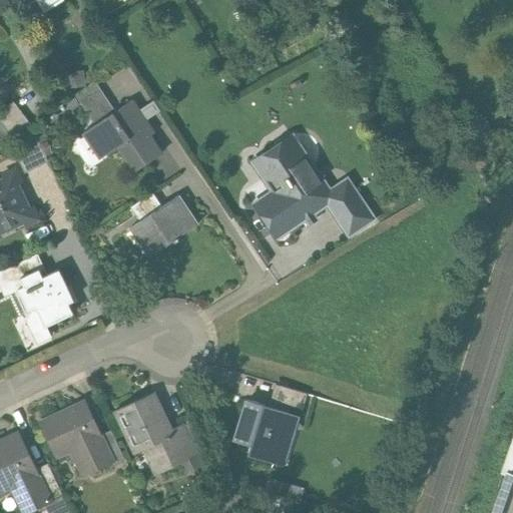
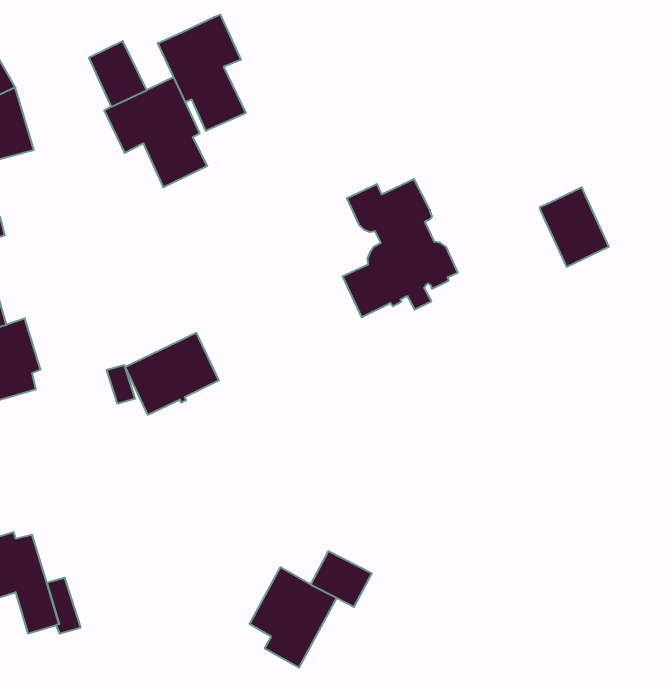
building: none -> [158,15,246,131]
building: [326,183,374,235] -> [540,187,609,267]
building: [137,195,198,252] -> [125,333,219,415]
building: [116,396,195,472] -> none

